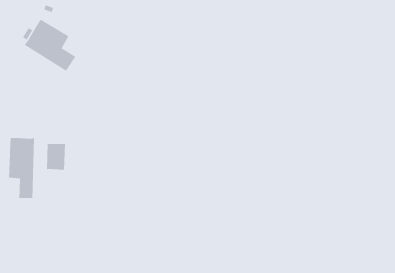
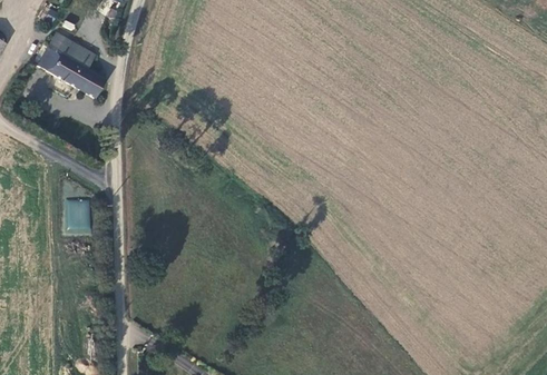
building: [8,137,35,199] -> none

